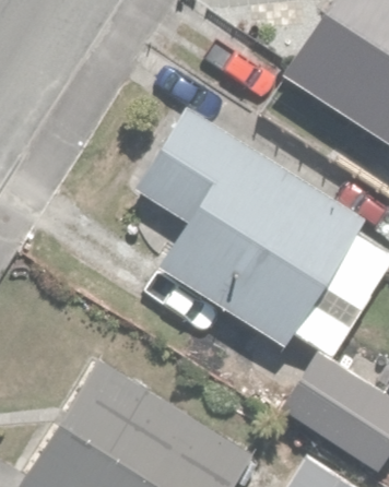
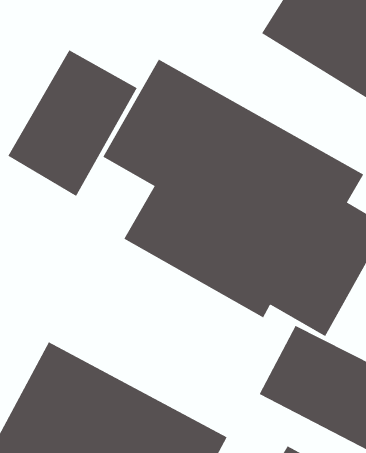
building: none -> [7,50,138,197]

